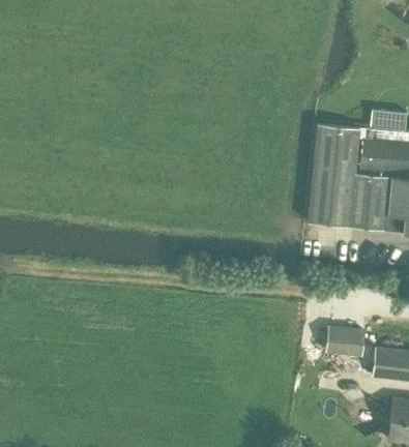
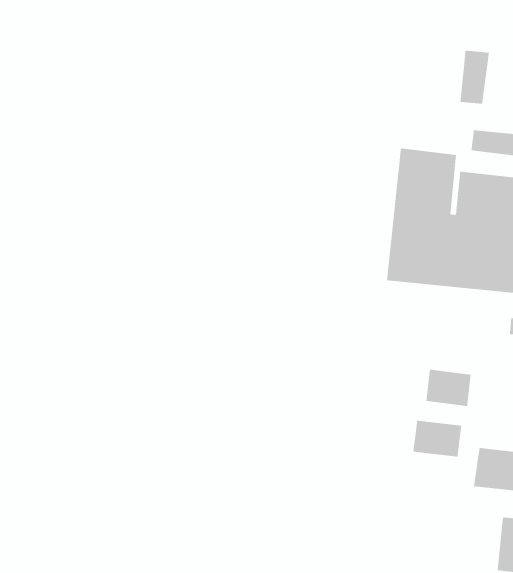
building: none -> [460,50,490,105]
building: none -> [426,369,471,407]

